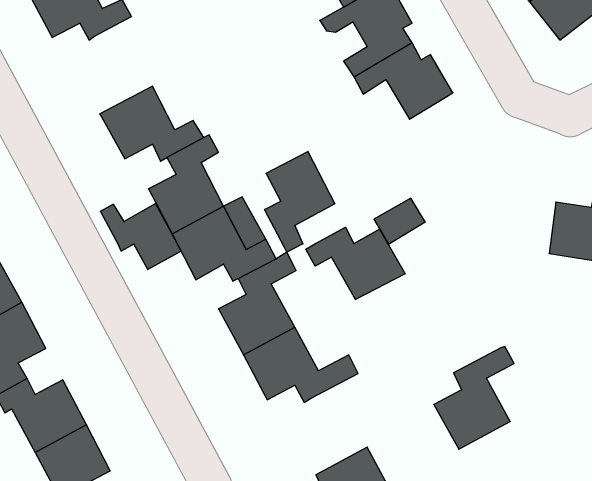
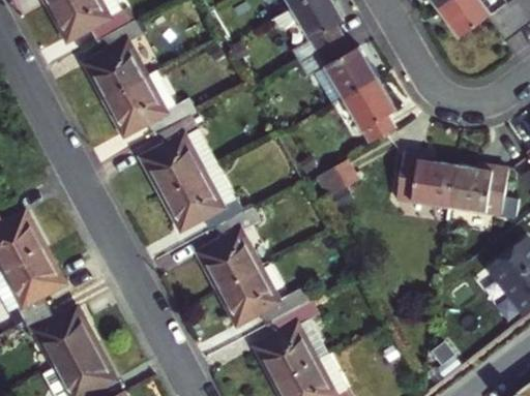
building: none -> [85,20,145,98]
building: none -> [347,82,402,149]
building: [265,151,335,252] -> none
building: none -> [404,155,462,208]
building: [100,204,181,270] -> none
building: [306,227,405,300] -> none
building: [434,346,514,449] -> [254,301,317,382]

